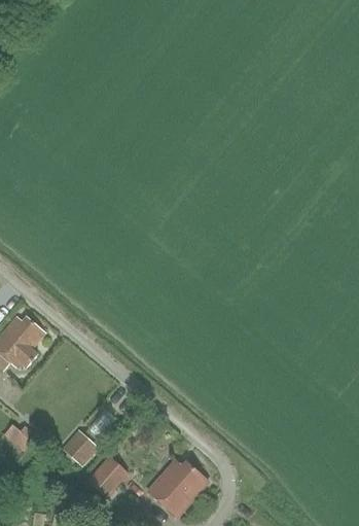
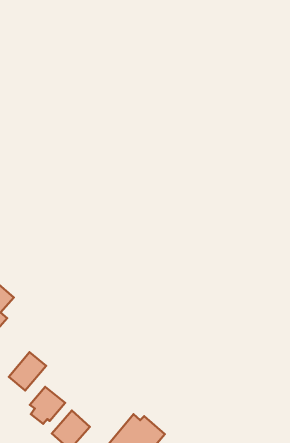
building: none -> [9,352,46,390]

